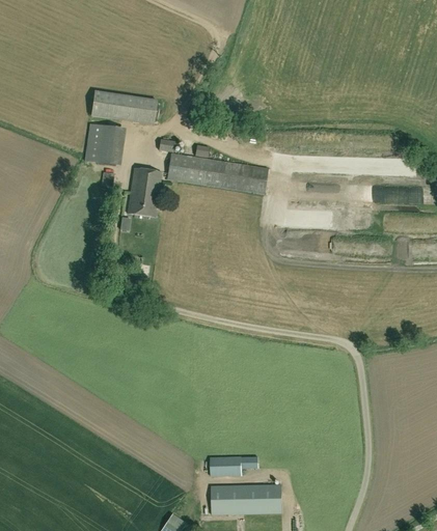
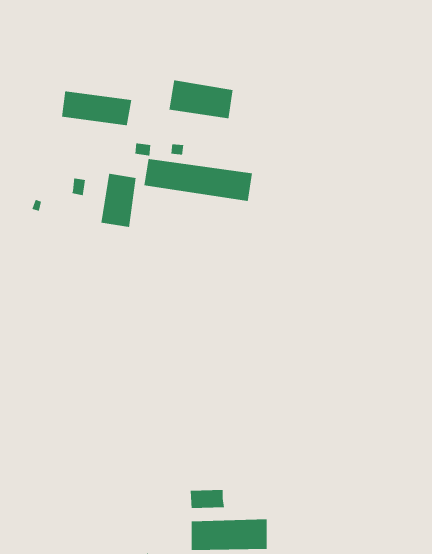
building: none -> [169,79,233,119]
building: [84,123,126,165] -> none

